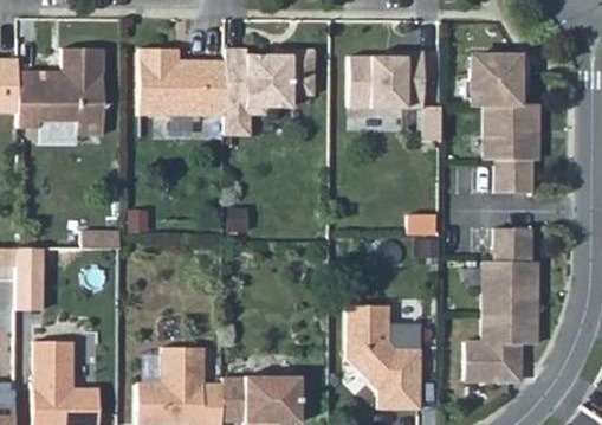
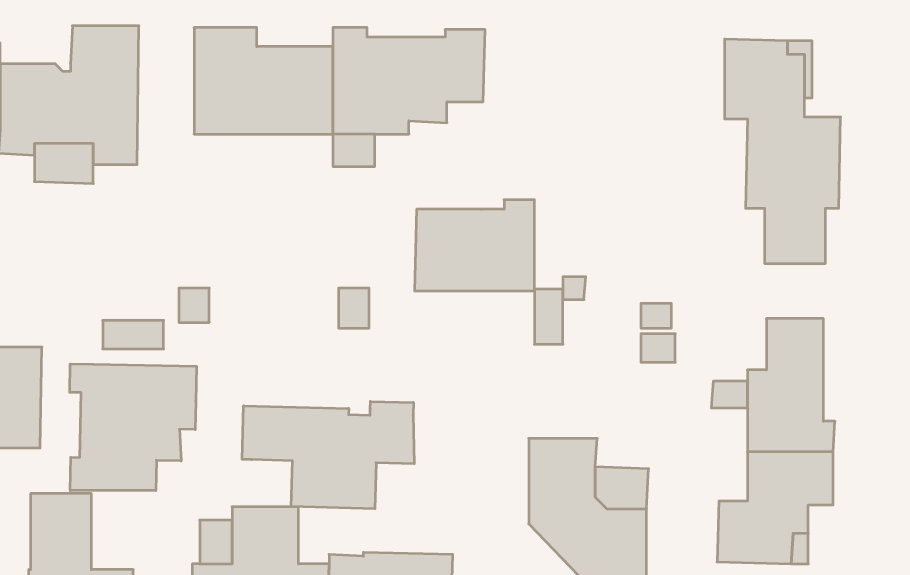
building: [348,51,440,141] -> [415,200,563,344]
building: none -> [70,364,196,491]
building: none -> [242,401,414,509]

